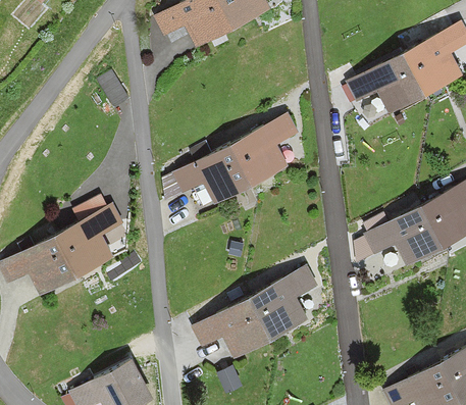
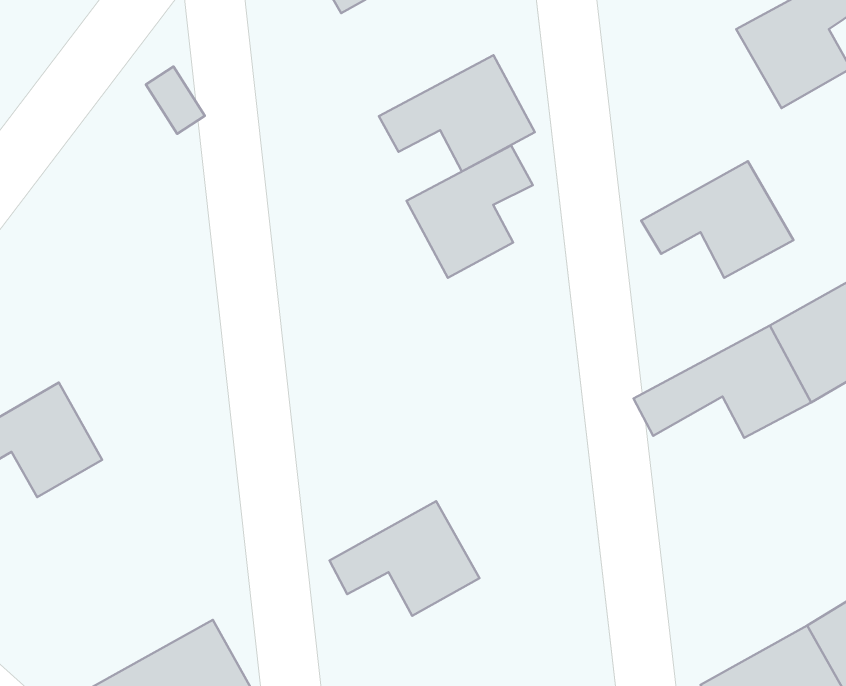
building: [347,53,425,113] -> [641,161,793,278]
building: [172,142,253,202] -> [379,55,535,172]
building: [52,202,122,275] -> none
building: [247,264,317,337] -> none

